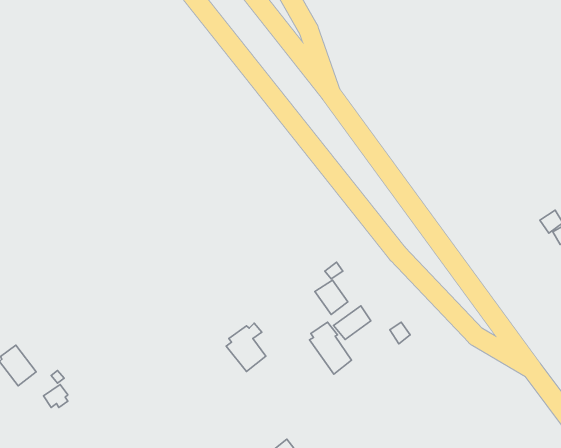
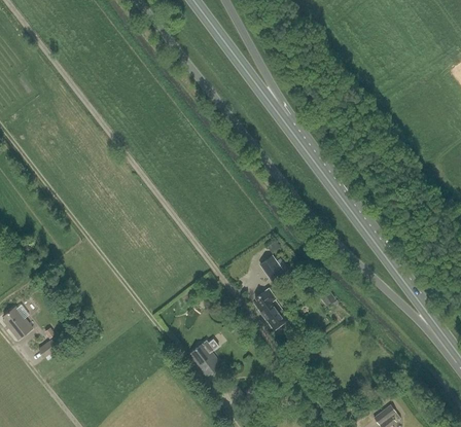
building: [333,306,371,340] -> none
building: [226,323,266,372] -> [190,339,222,378]

